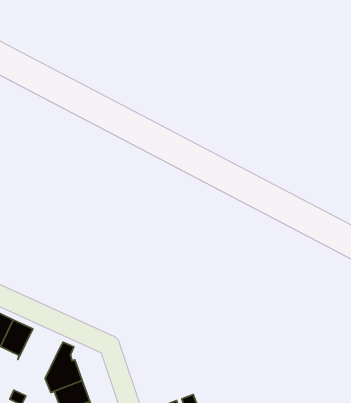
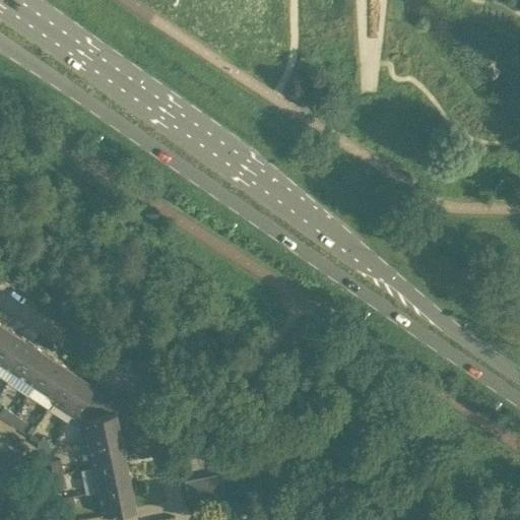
building: none -> [51,372,101,429]

